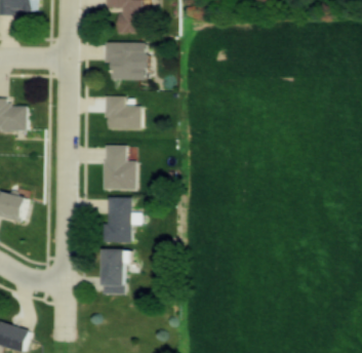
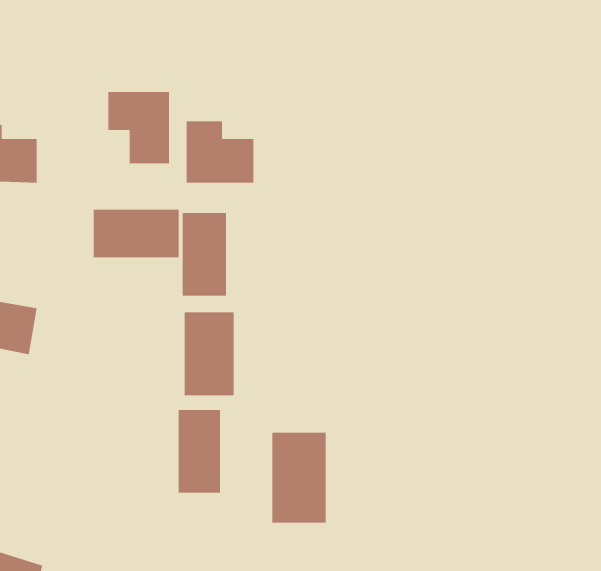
building: [106,42,138,80] -> [107,92,170,164]
building: none -> [93,209,179,258]
building: none -> [272,432,326,524]

